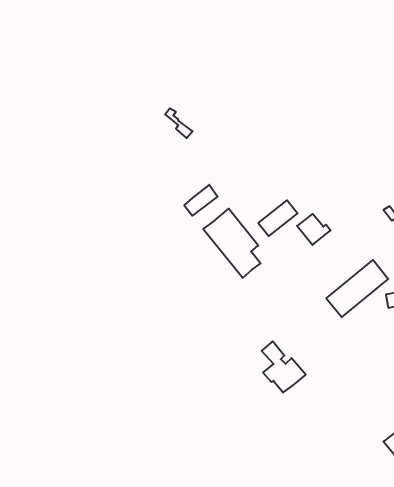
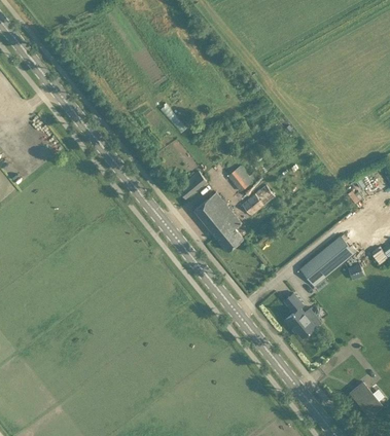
building: [297,214,331,245] -> [226,166,255,192]
building: [262,341,306,393] -> [283,293,321,337]

